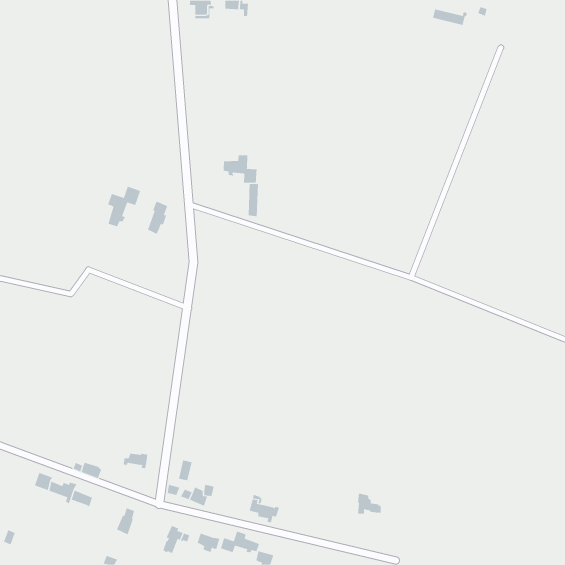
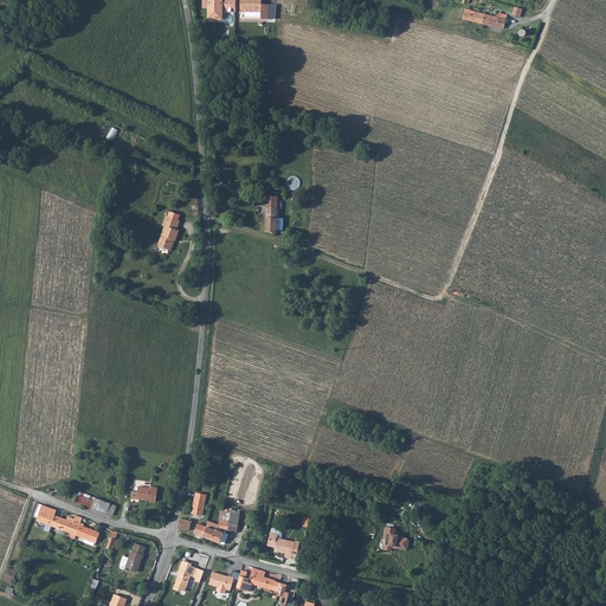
building: [223,154,257,184] -> none
building: [108,186,141,228] -> none

